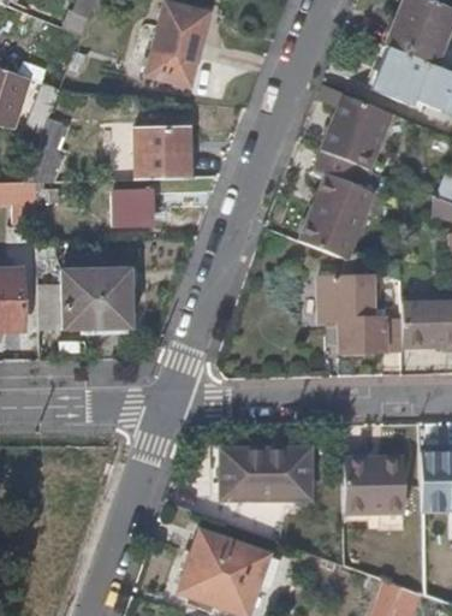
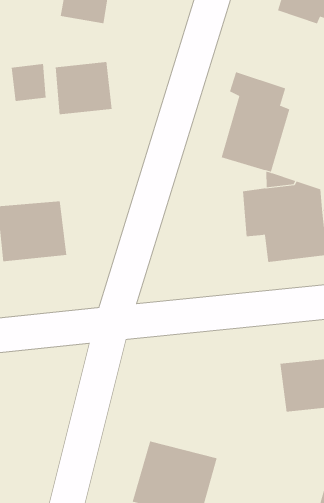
building: [322,93,396,171] -> none
building: [117,189,151,226] -> [11,64,47,102]
building: [221,448,313,499] -> none

